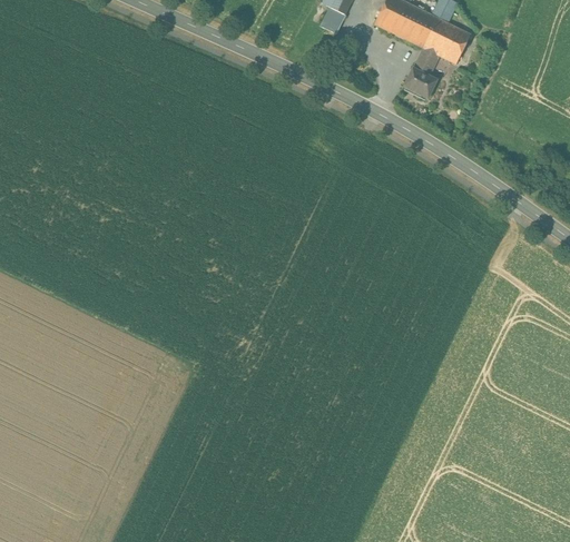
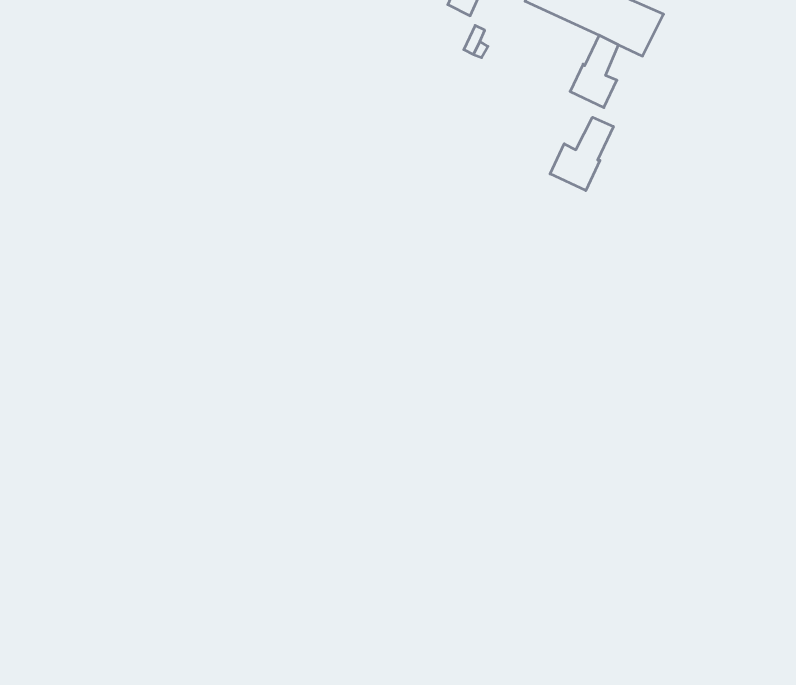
building: none -> [550,117,613,191]

